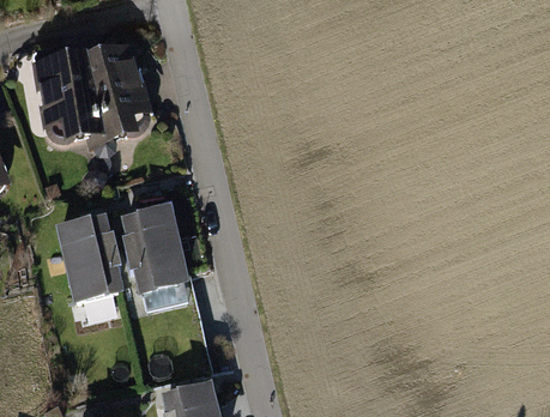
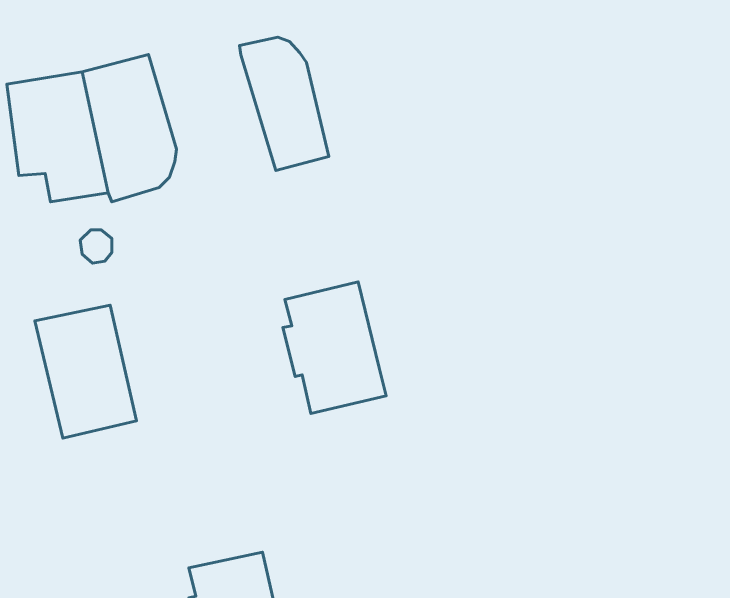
building: none -> [239,37,329,170]
building: [120,204,191,294] -> [283,282,386,413]

